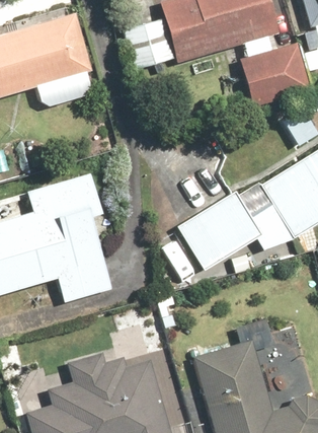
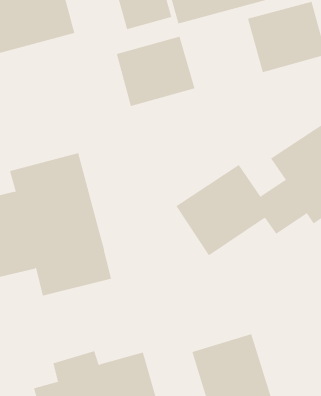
building: none -> [116,36,195,107]

